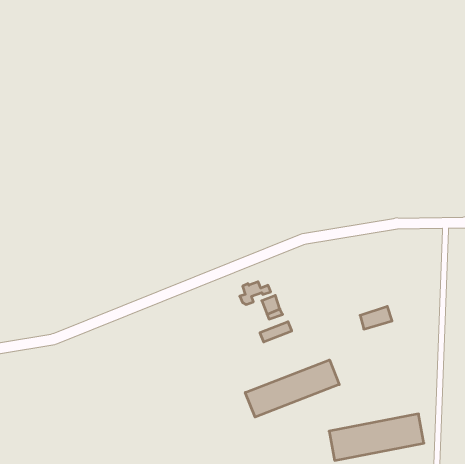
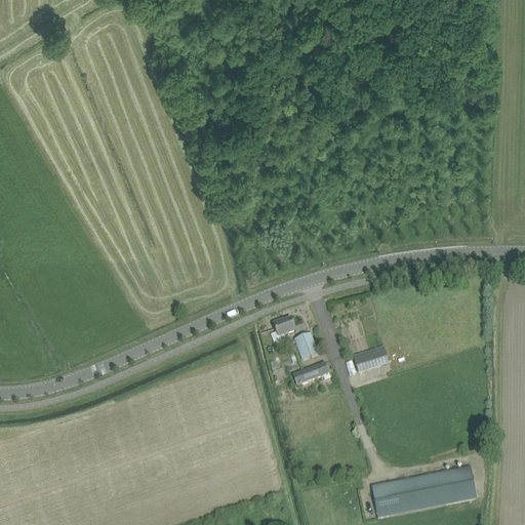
building: [360,306,392,329] -> [353,346,389,371]
building: [245,360,339,417] -> none

